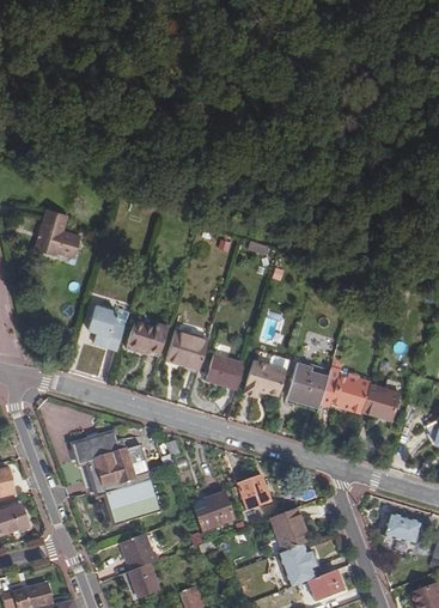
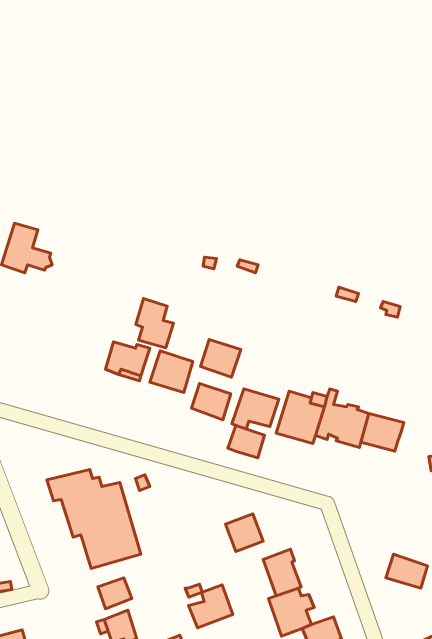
building: [89,306,123,352] -> [136,298,174,348]
building: none -> [200,339,241,377]
building: none -> [228,426,265,458]
building: [195,493,236,533] -> [188,585,233,628]

